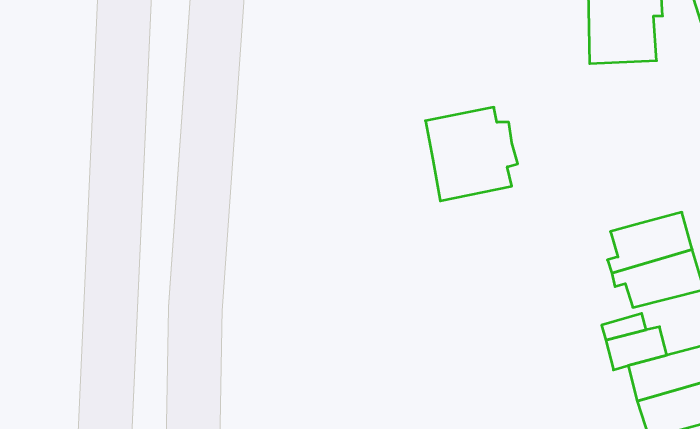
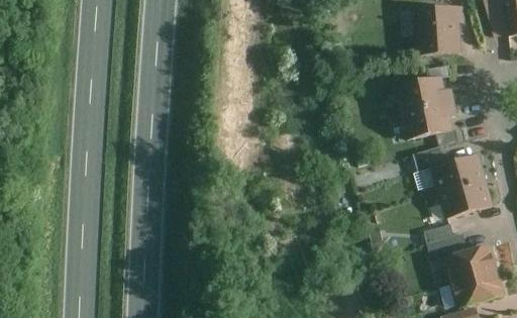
building: [425,107,518,201] -> [395,75,457,138]
building: none -> [413,143,448,169]

